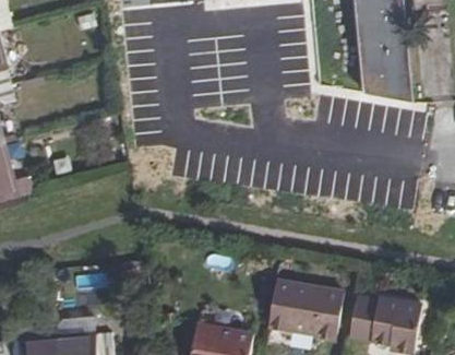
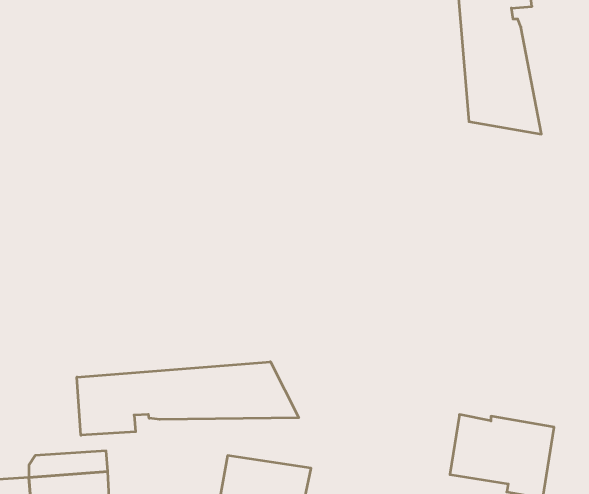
building: none -> [77,362,299,435]
building: [268,280,339,340] -> none

